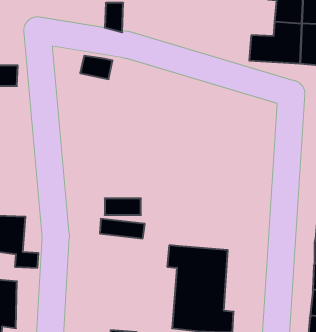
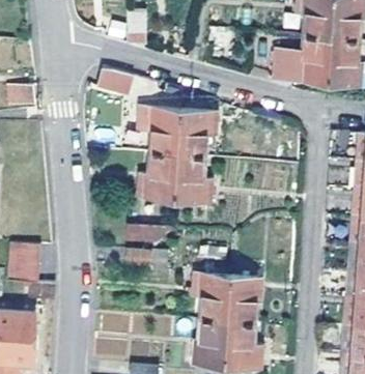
building: none -> [138,109,219,202]

